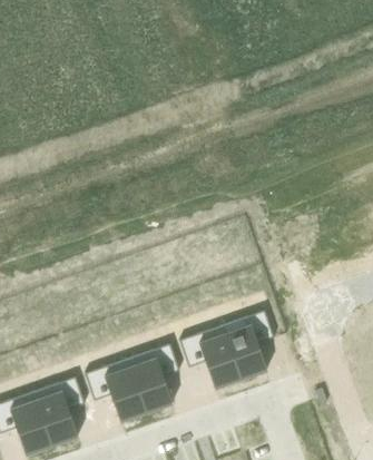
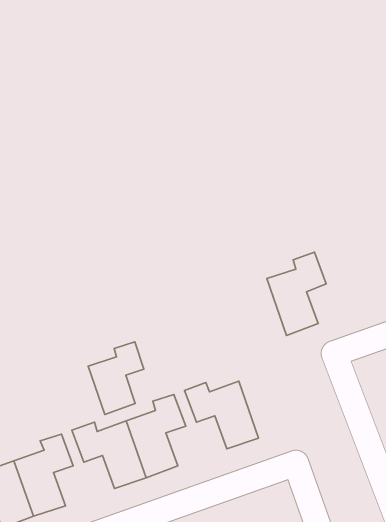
building: none -> [88,342,144,415]
building: [224,310,274,380] -> [267,252,326,335]

